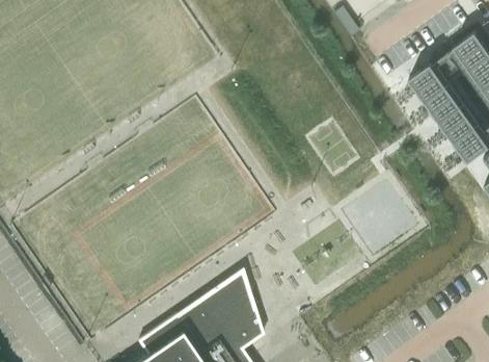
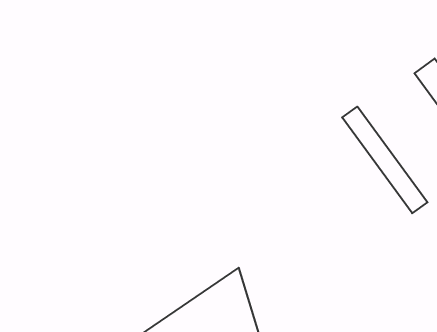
building: none -> [342,107,428,213]

